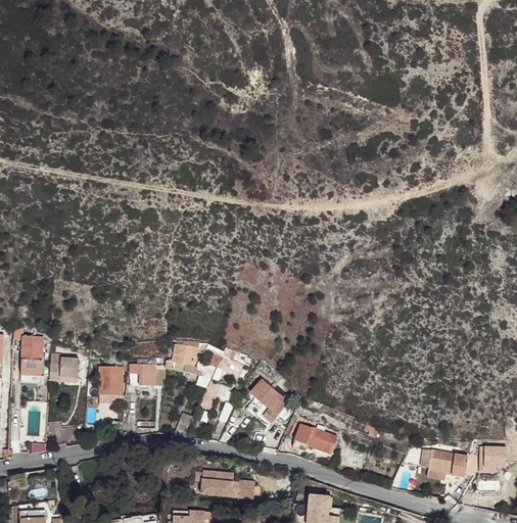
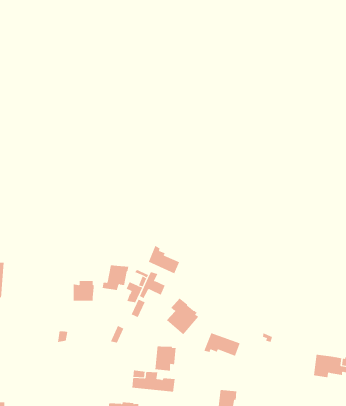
building: none -> [148,245,180,274]
building: [49,353,79,381] -> none
building: [99,366,123,394] -> none
building: none -> [155,346,176,372]

